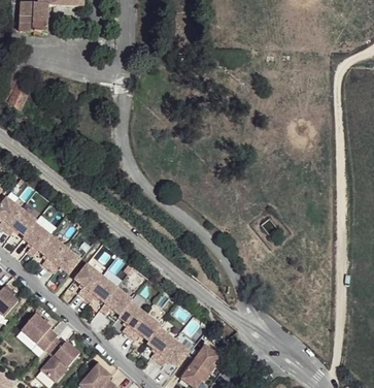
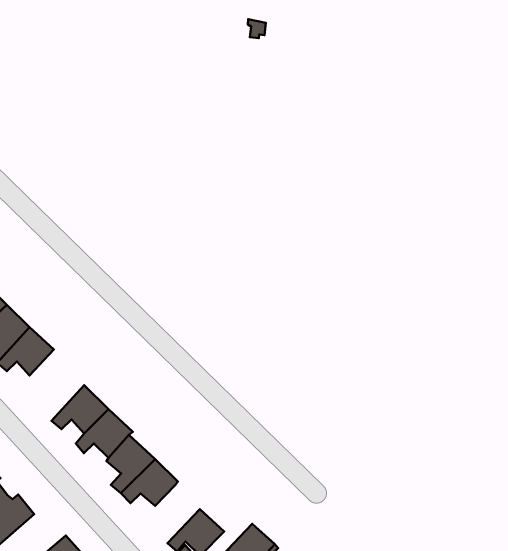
building: [73,263,100,297] -> none
building: [146,326,174,360] -> none

